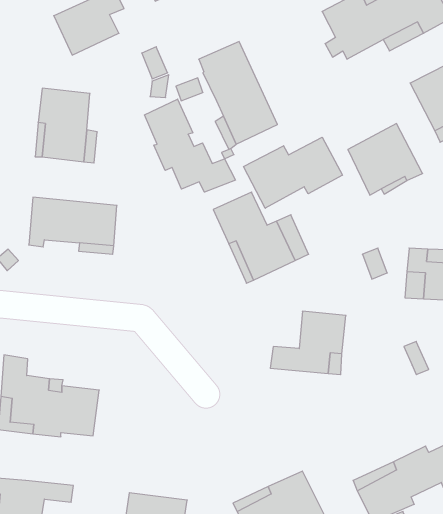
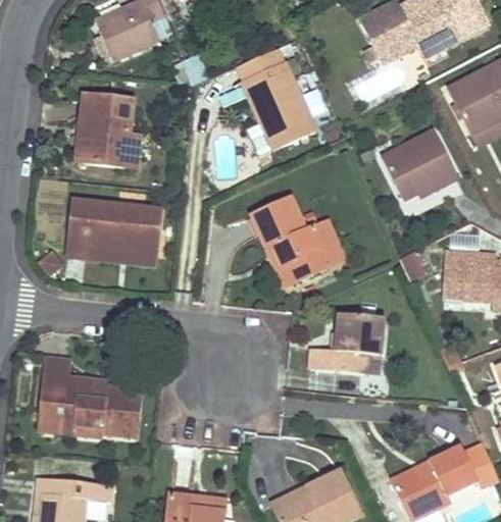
building: [144,99,235,192] -> none
building: [244,137,342,208] -> none

